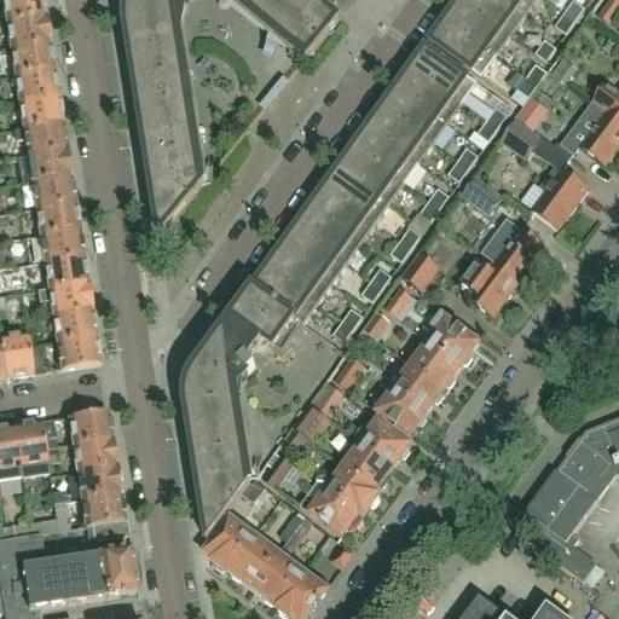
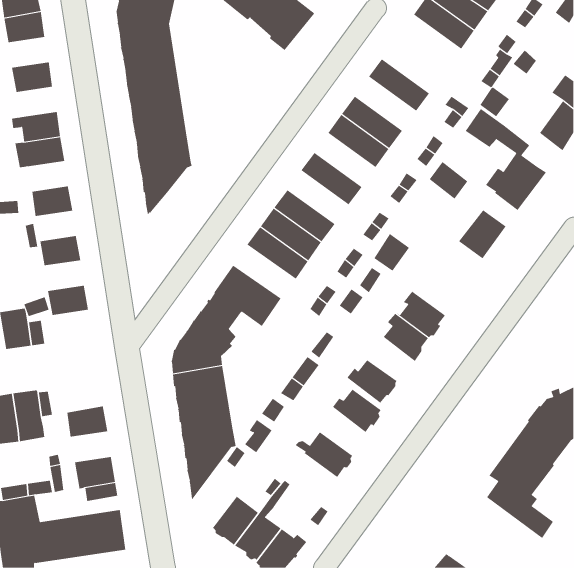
building: [428,16,496,74] -> none
building: [8,40,53,73] -> none
building: [410,41,476,100] -> none
building: [381,82,447,140] -> none
building: [17,93,62,126] -> none
building: [337,143,404,201] -> none
building: [29,173,74,206] -> none
building: [308,183,375,241] -> none
building: [37,226,82,259] -> none
building: [458,258,519,313] -> none
building: [250,262,318,320] -> none
building: [47,279,91,312] -> none
building: [56,332,99,366] -> none
building: [391,361,446,409] -> none
building: [66,407,111,442] -> none
building: [343,436,393,488] -> none
building: [75,463,120,496] -> none
building: [300,478,363,533] -> none
building: [203,514,254,568] -> none

